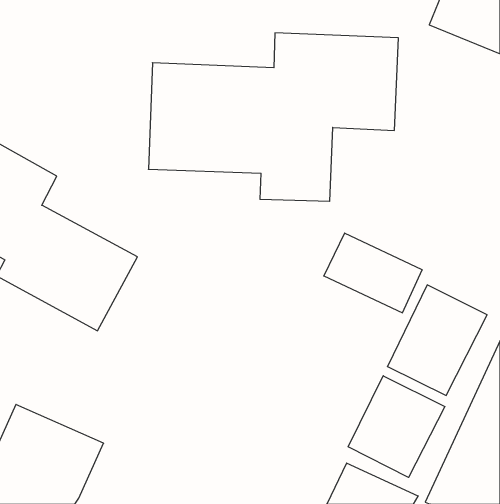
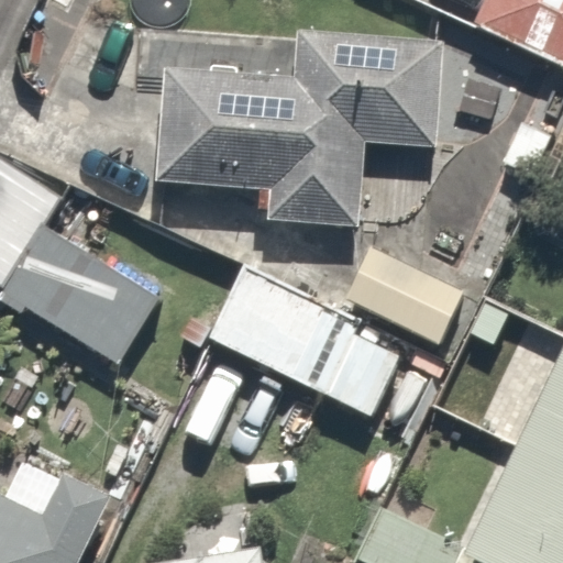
building: none -> [200,263,422,433]
building: [348,376,445,477] -> none

